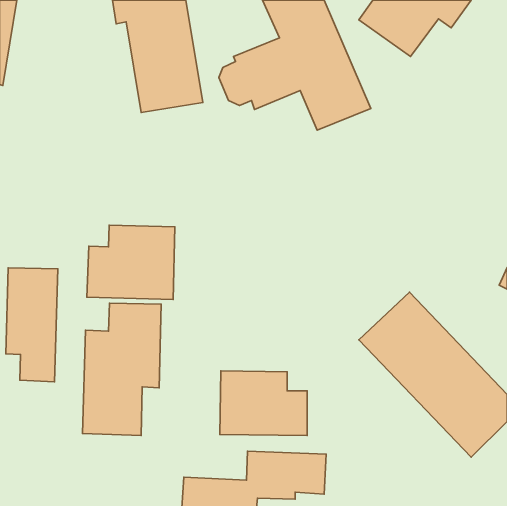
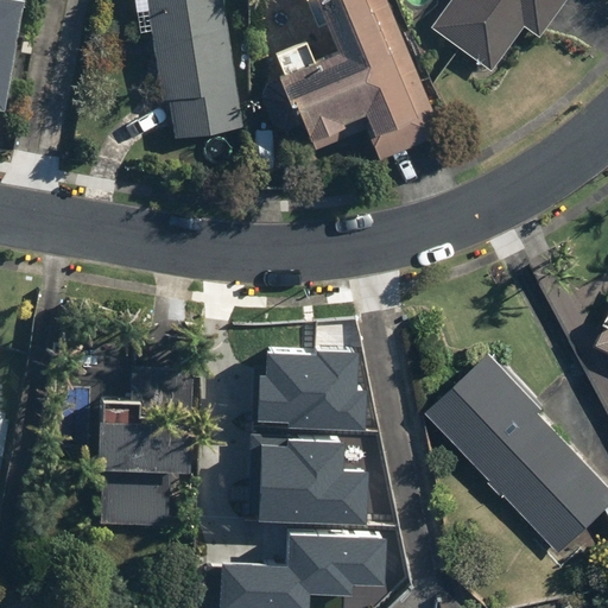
building: [87,225,175,300] -> none
building: [6,268,58,382] -> none
building: none -> [255,355,366,435]

